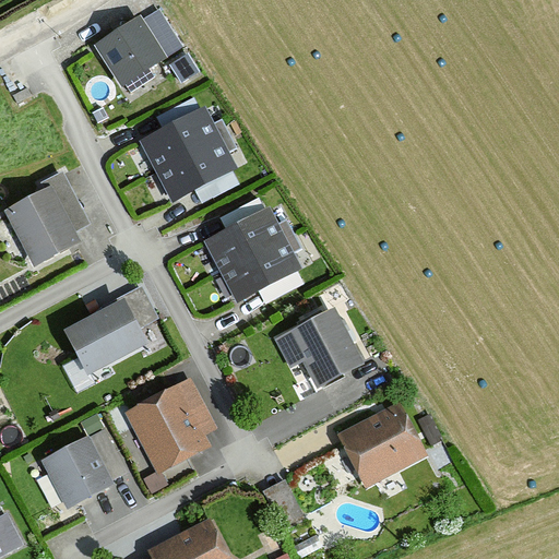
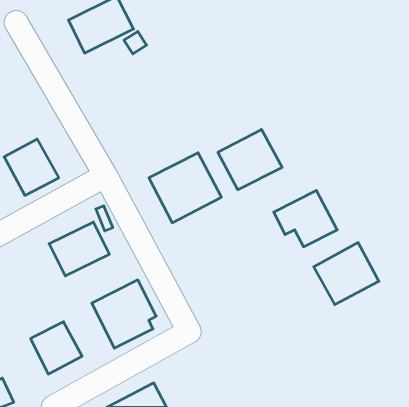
building: [140,105,237,200] -> none
building: none -> [218,129,282,190]
building: [275,309,361,385] -> [274,190,337,247]
building: [337,402,426,486] -> [314,243,379,305]

